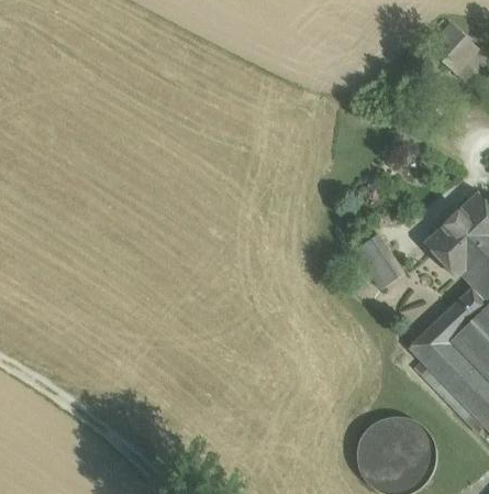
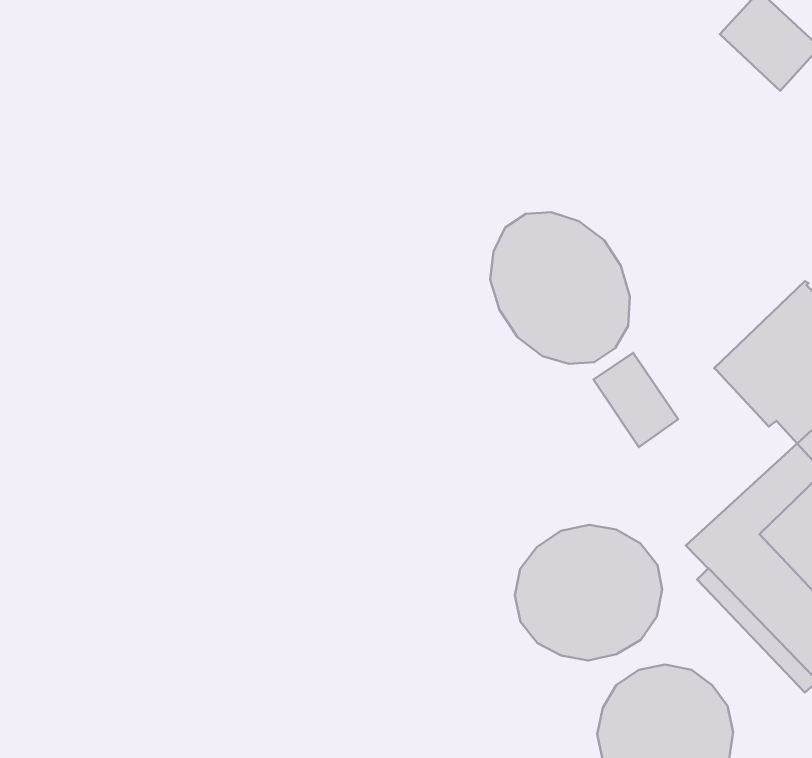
building: none -> [490,212,630,364]
building: none -> [515,525,662,660]

